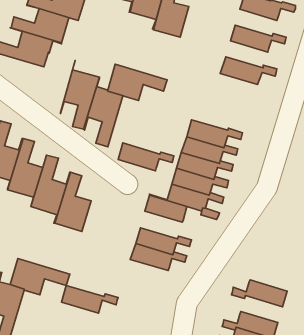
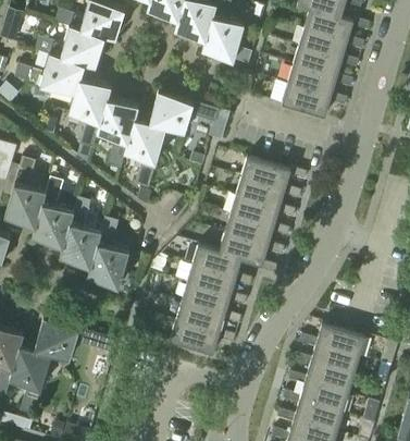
building: none -> [298,28,363,60]
building: none -> [287,65,352,97]
building: none -> [69,78,111,149]
building: [118,143,174,171] -> [187,265,252,297]
building: none -> [299,326,364,358]
building: [61,285,118,313] -> [170,321,236,354]
building: none -> [288,364,353,395]

